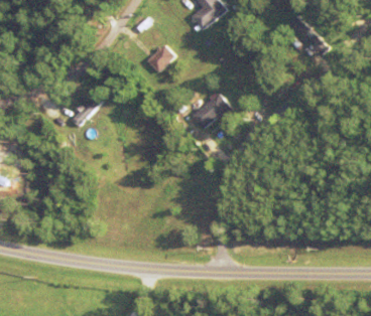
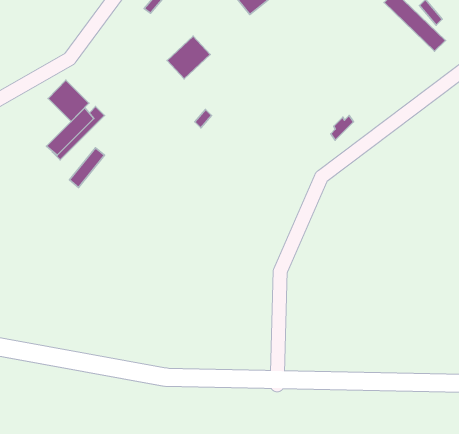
building: none -> [48,80,89,121]
building: [191,95,232,130] -> none

